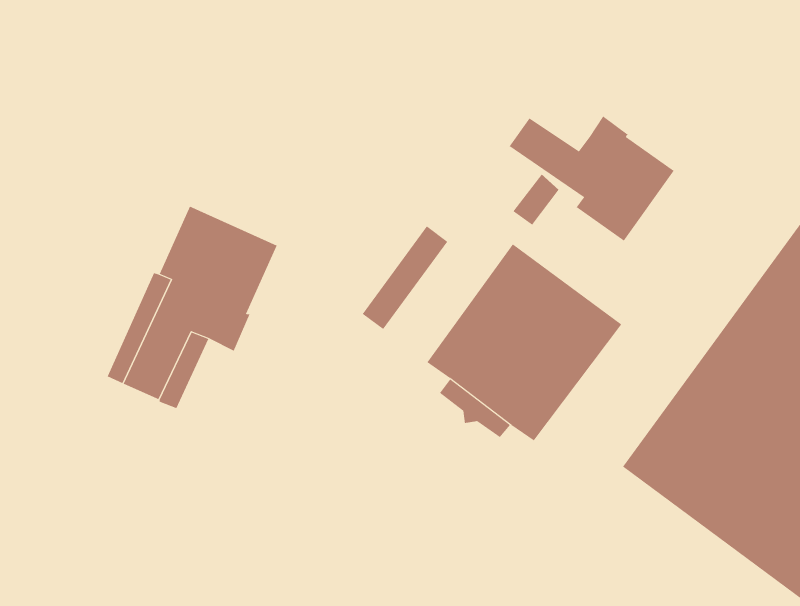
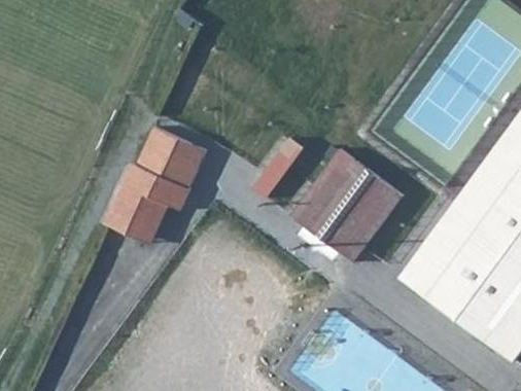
building: [509,116,674,241] -> none

